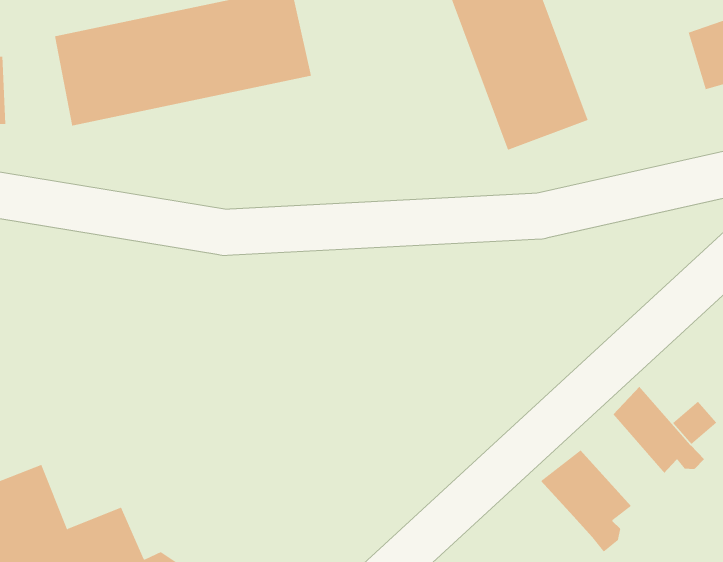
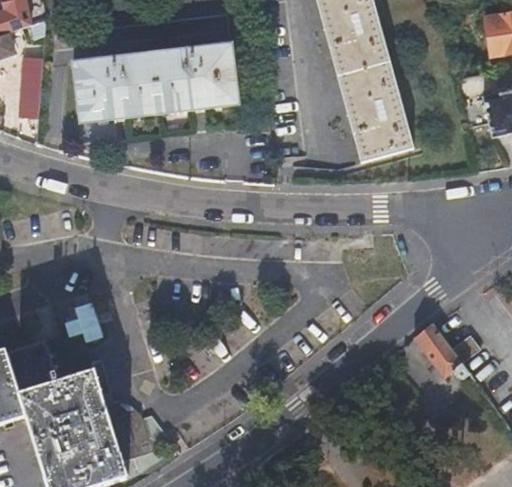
building: [540,450,632,552] -> none

